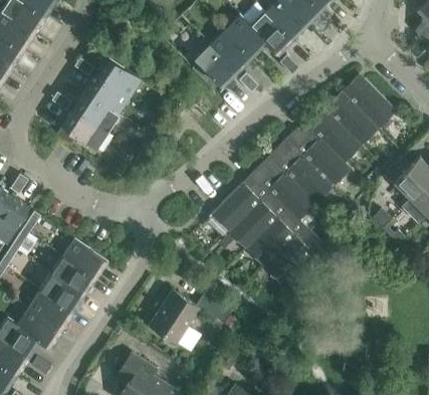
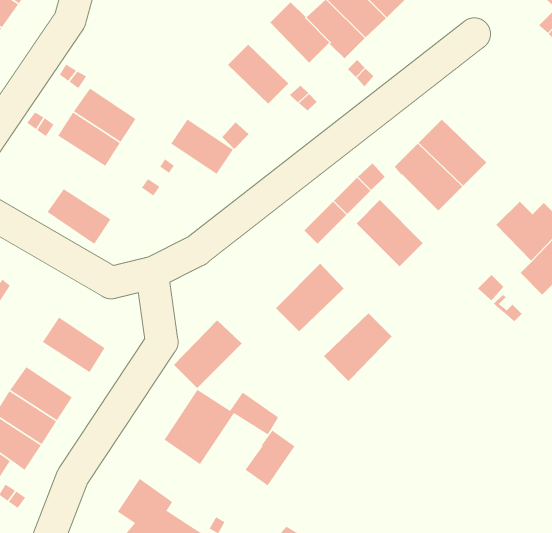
building: [209,29,252,72] -> none
building: [96,57,142,97] -> [170,118,234,175]
building: [347,79,396,129] -> none
building: [61,110,108,150] -> [46,188,111,245]
building: [302,138,351,186] -> none
building: [266,172,316,221] -> none
building: [211,183,260,232] -> [173,319,243,389]
building: [245,218,294,266] -> none
building: [51,256,96,295] -> none
building: none -> [244,429,296,487]

